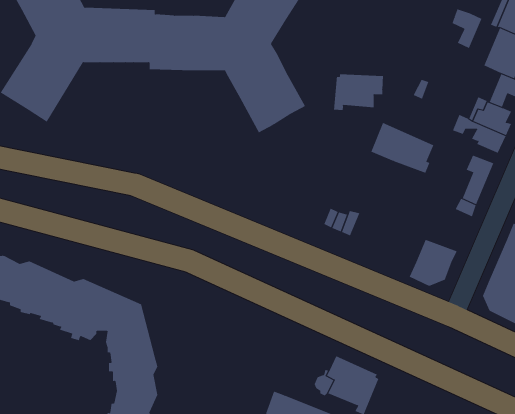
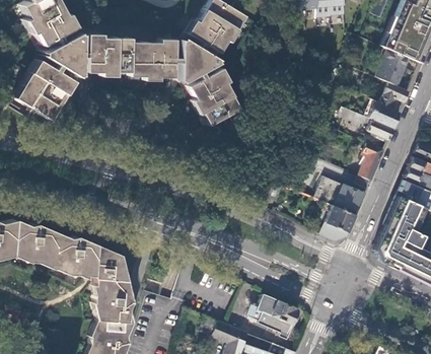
building: [452,8,482,49] -> none
building: [333,74,383,111] -> none
building: [370,122,434,174] -> [315,178,363,216]

